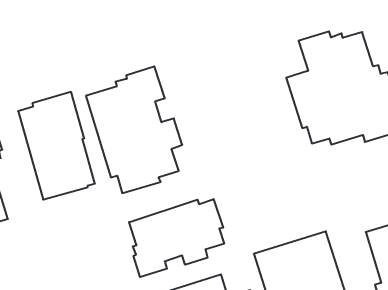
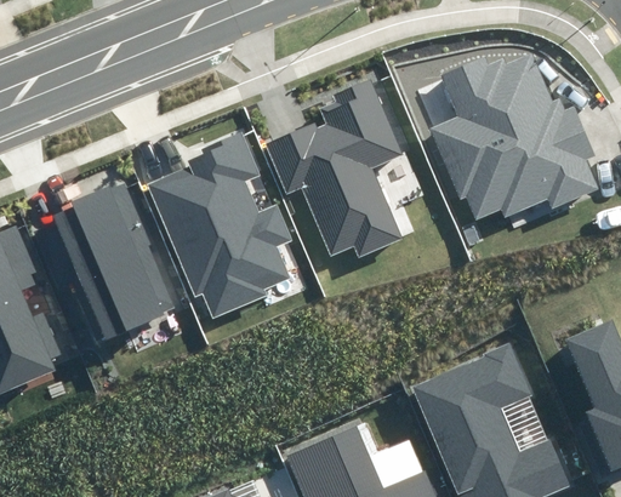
building: none -> [266,79,403,256]
building: [129,199,224,277] -> none

